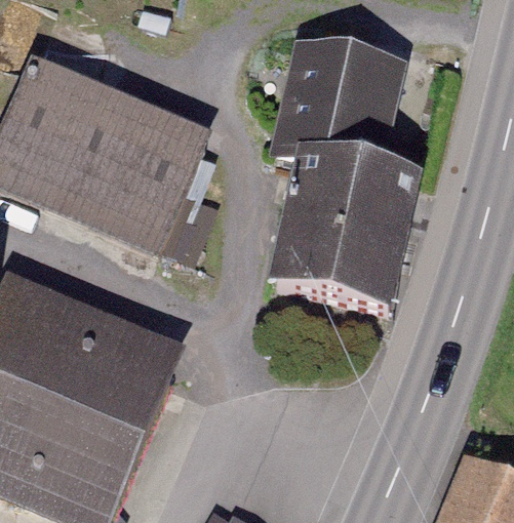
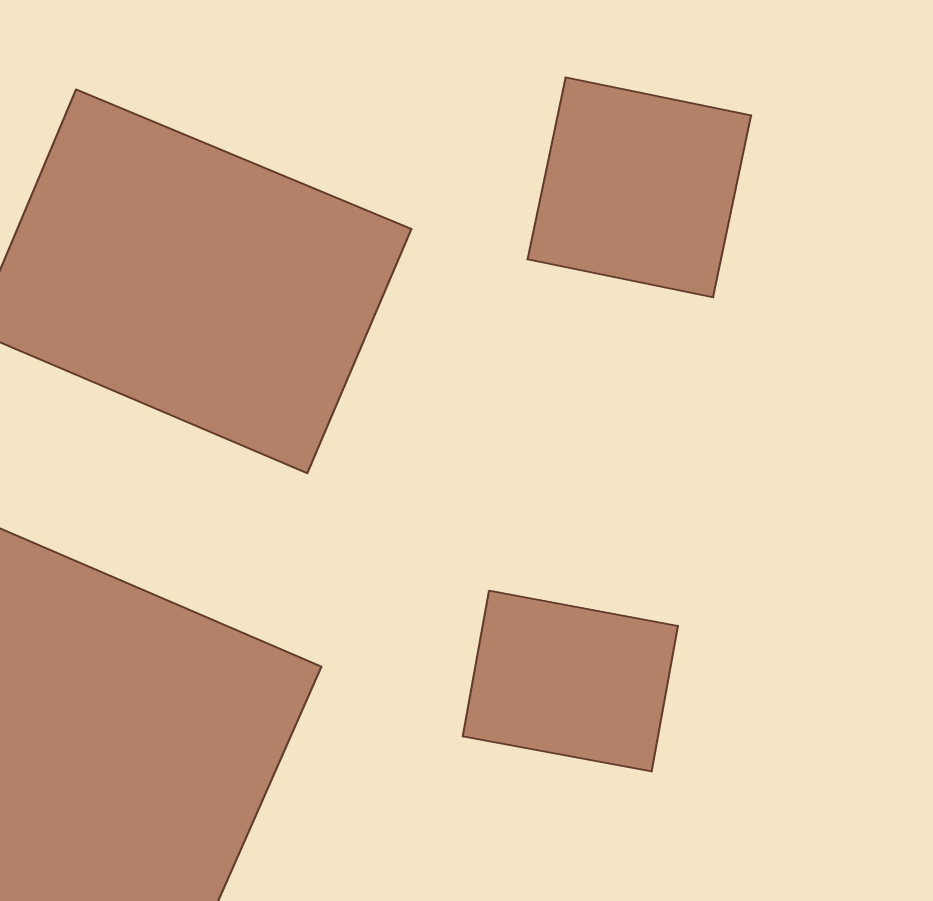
building: [279,152,406,319] -> none
building: none -> [463,591,678,772]

